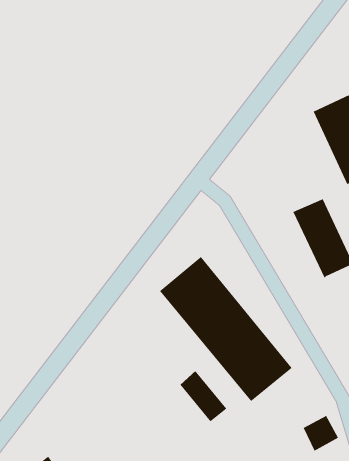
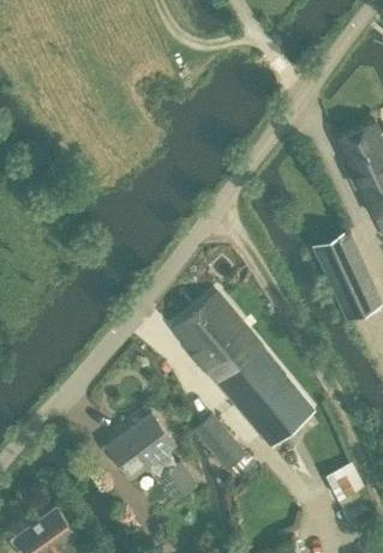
building: none -> [108,414,196,501]

